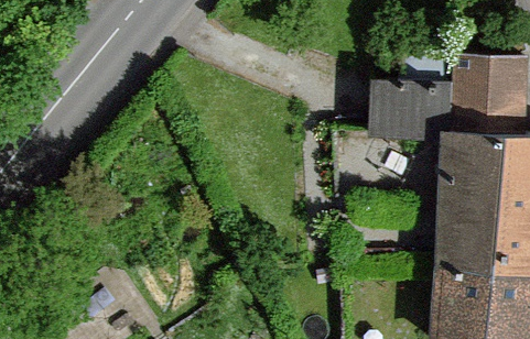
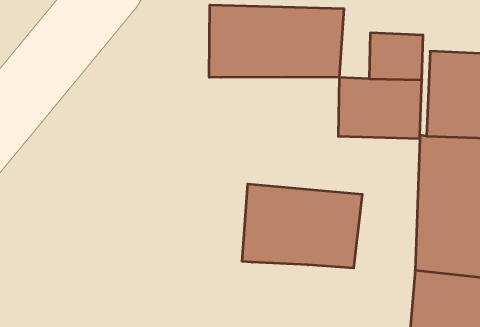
building: none -> [209,5,344,78]
building: none -> [242,184,362,268]

